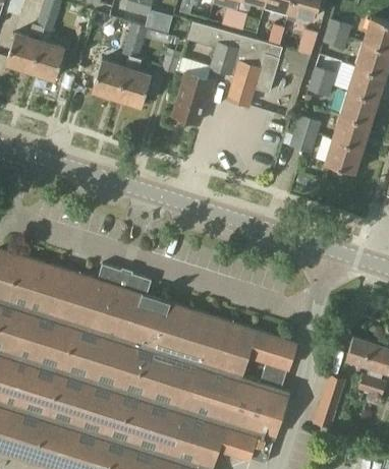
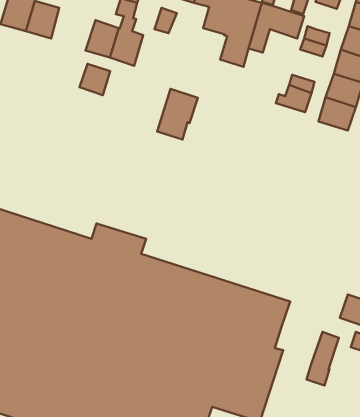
building: [172,73,213,124] -> [157,89,198,139]
building: none -> [79,64,110,95]

